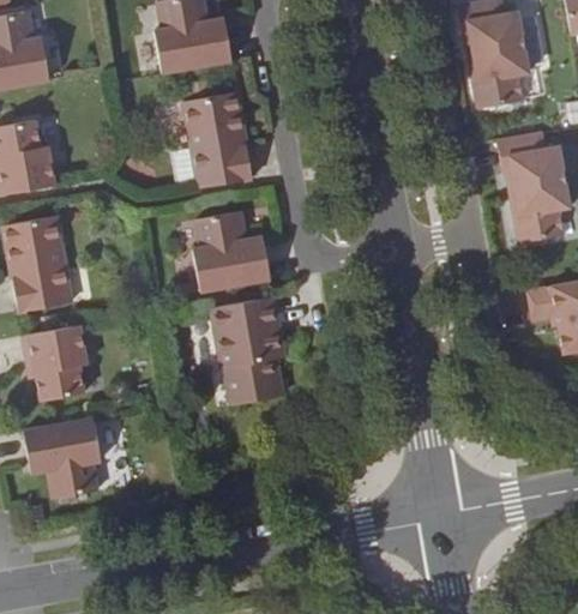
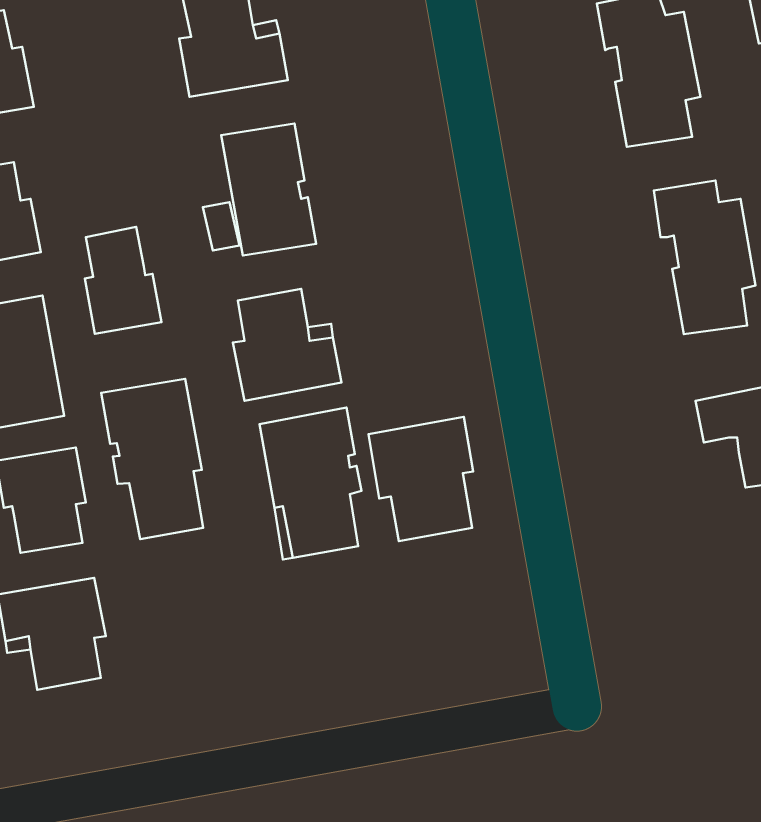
building: none -> [85,227,161,334]
building: none -> [101,379,203,539]
building: none -> [368,417,473,541]

